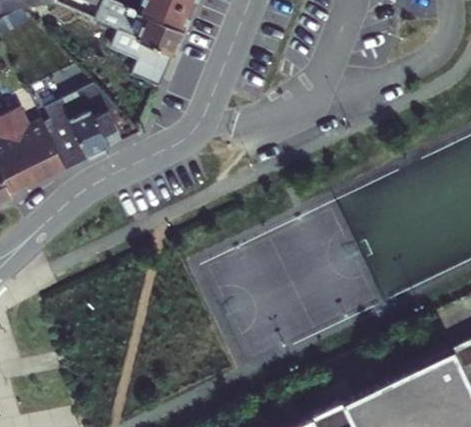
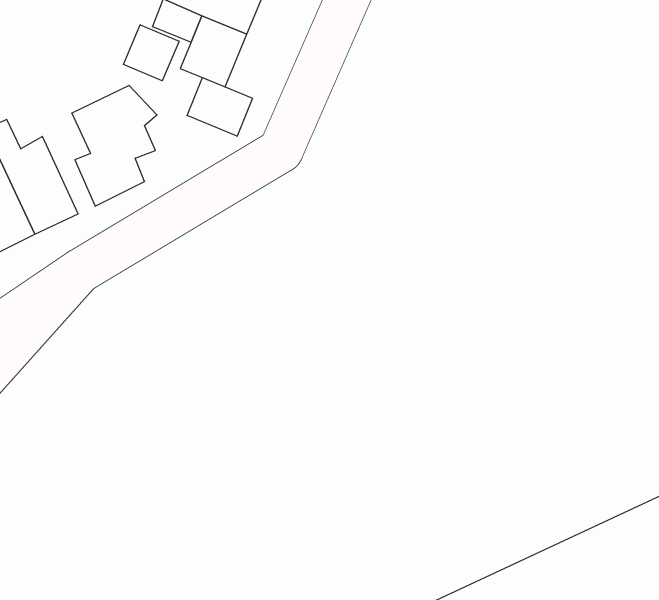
building: none -> [123,25,179,81]
building: none -> [187,78,253,136]

